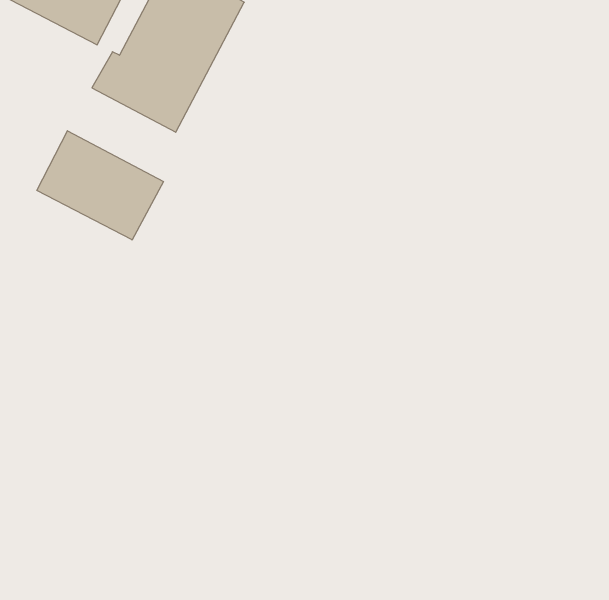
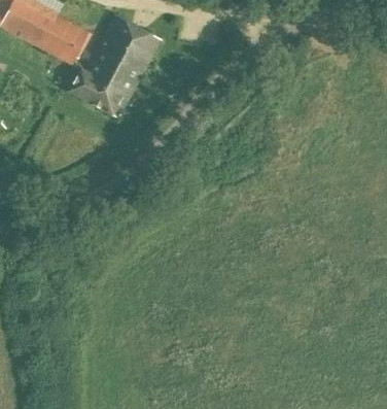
building: [37,131,163,240] -> none

